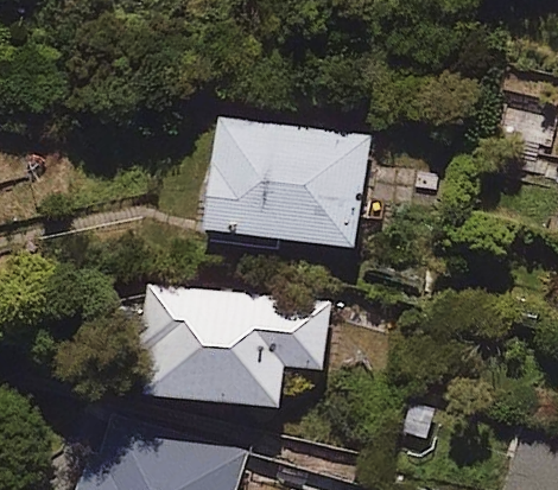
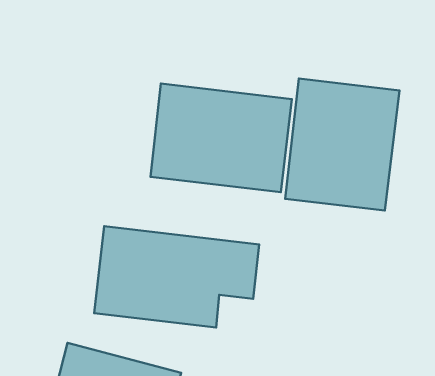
building: none -> [285,79,399,211]

